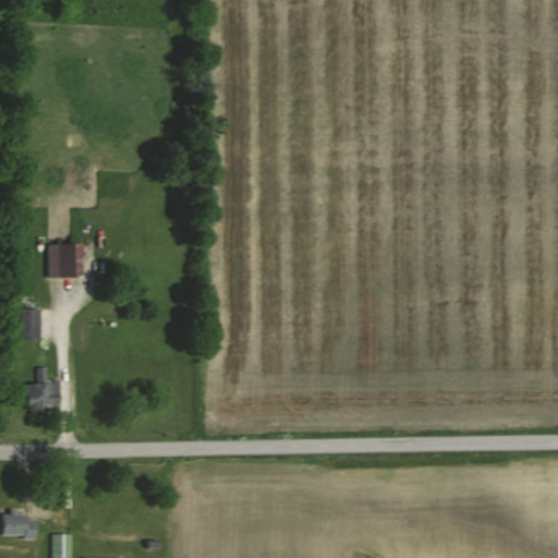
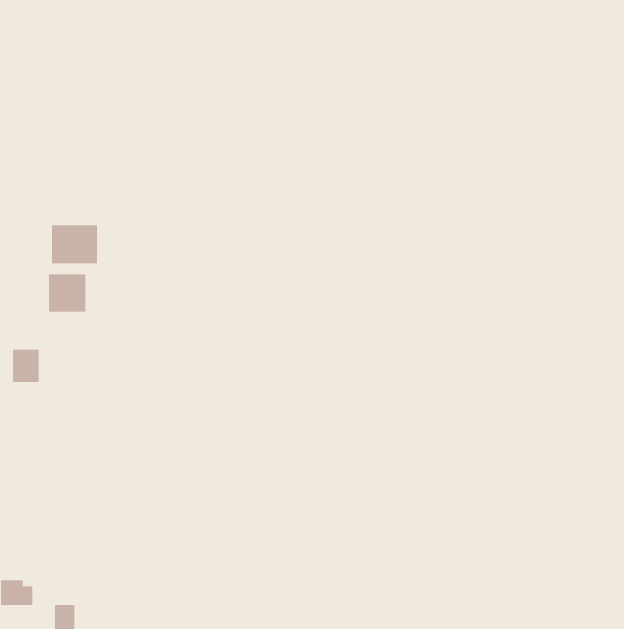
building: none -> [52,224,97,264]
building: [24,372,59,414] -> none

